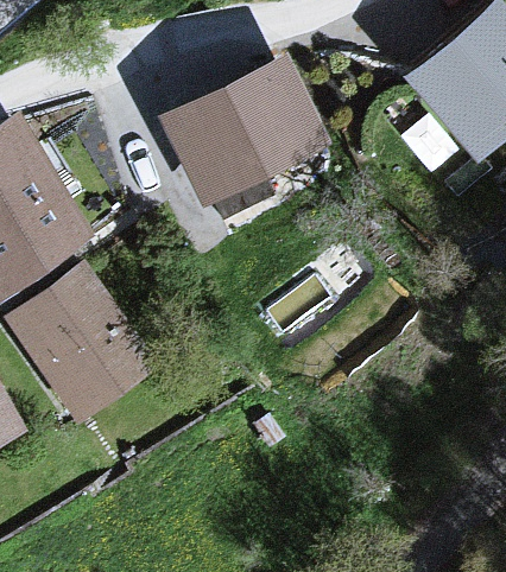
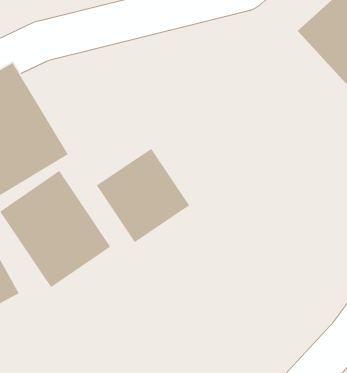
building: [156,58,325,211] -> none
building: none -> [96,148,190,243]

